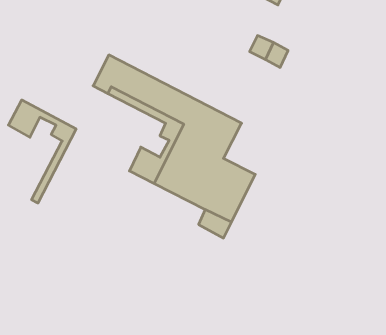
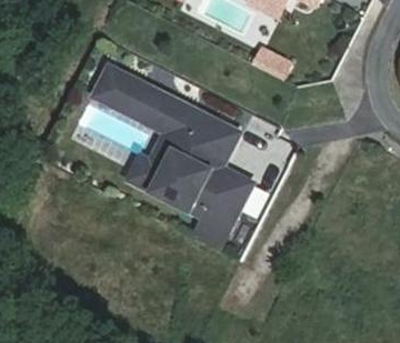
building: [8,100,76,203] -> none

